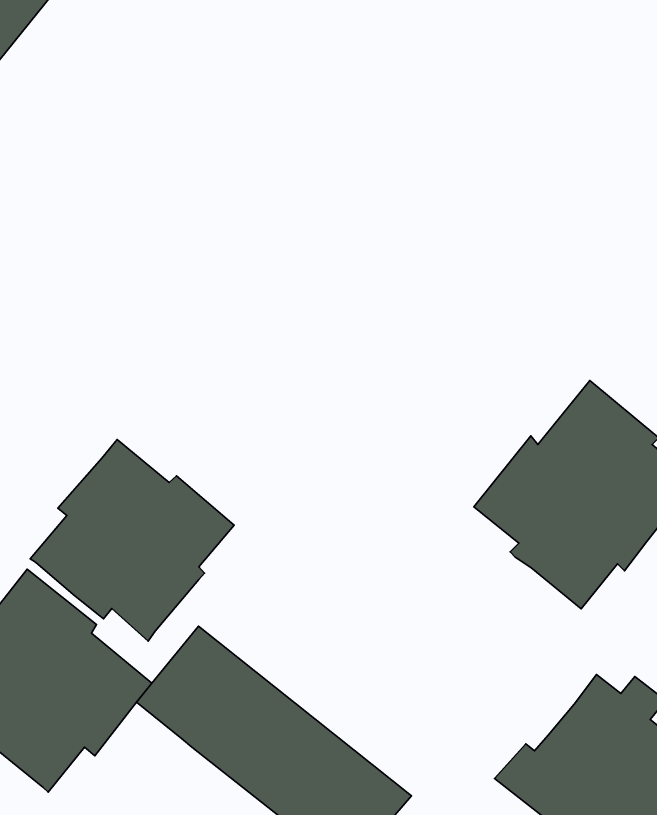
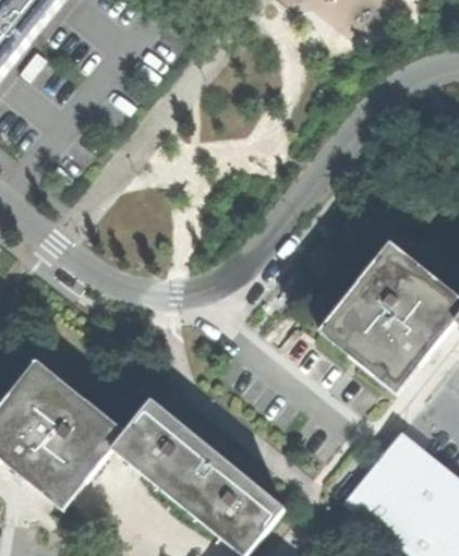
building: [30,440,234,641] -> none

